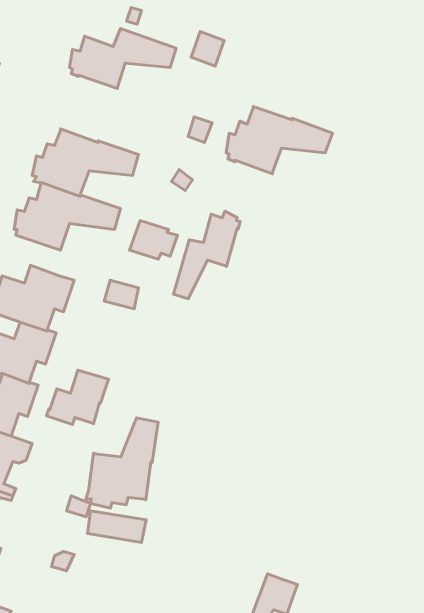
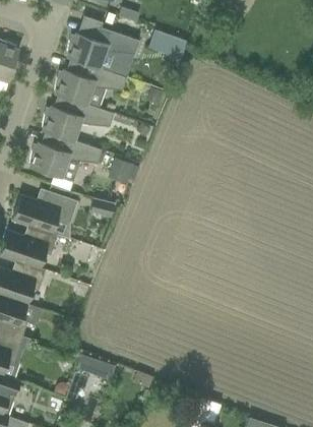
building: [226,106,333,174] -> [54,59,126,105]
building: [174,211,240,299] -> none
building: [47,370,108,424] -> none
building: [86,418,158,508] -> none

